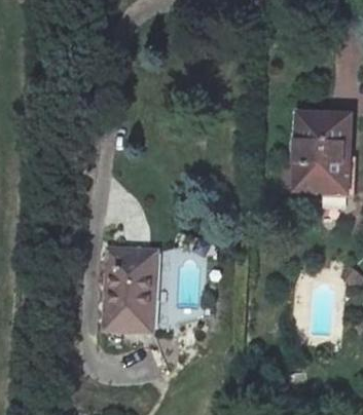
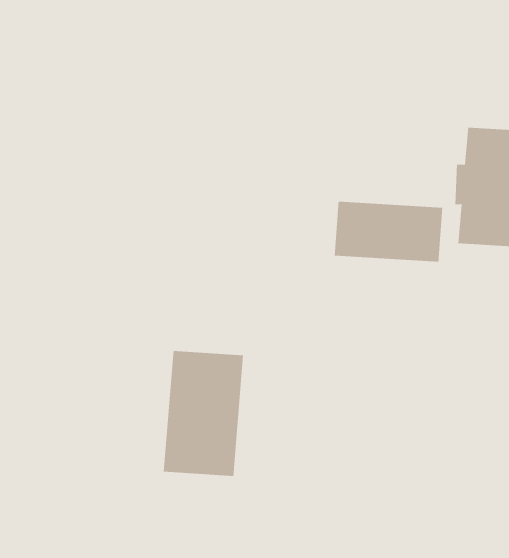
building: none -> [334,201,443,262]

